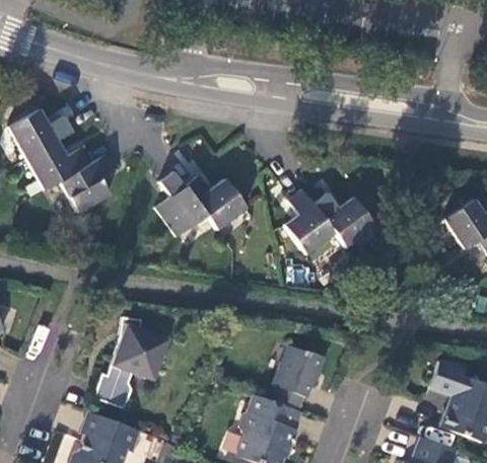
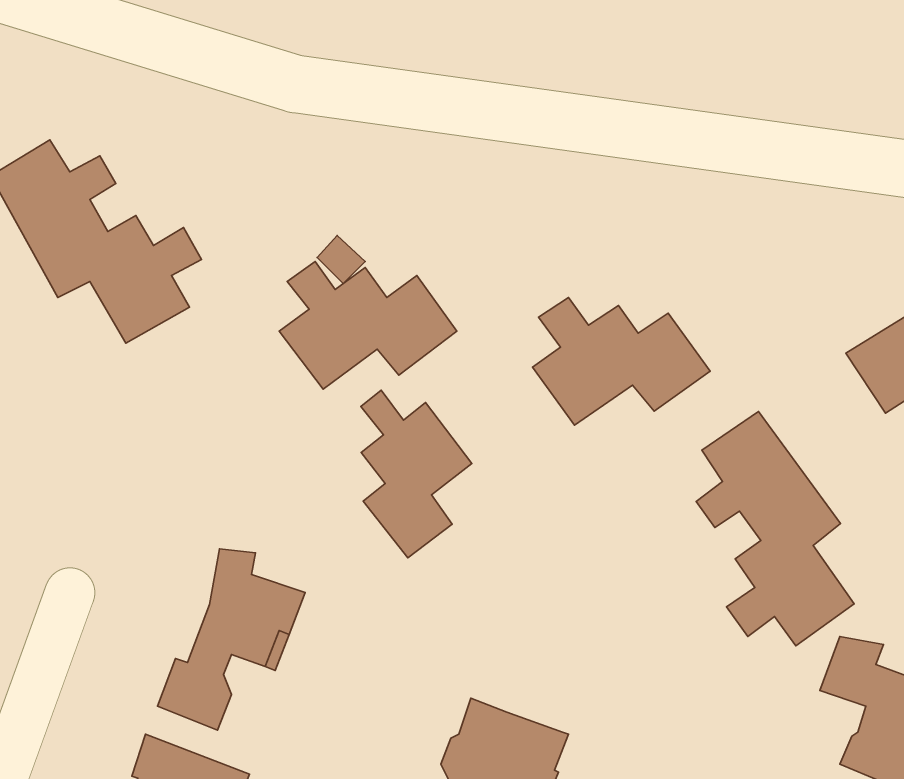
building: none -> [361,390,472,558]
building: none -> [696,411,854,646]
building: [272,346,326,409] -> none

